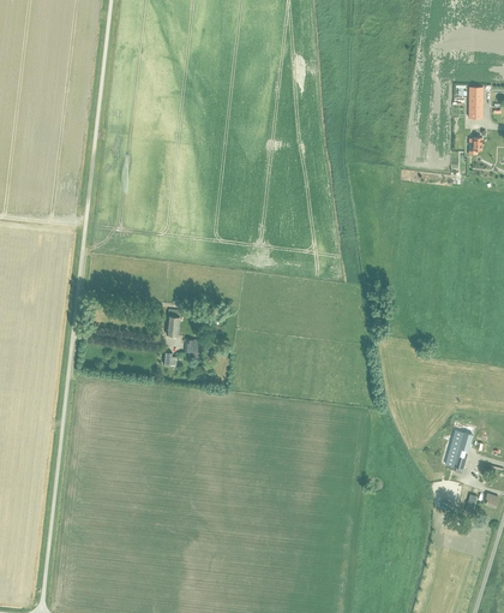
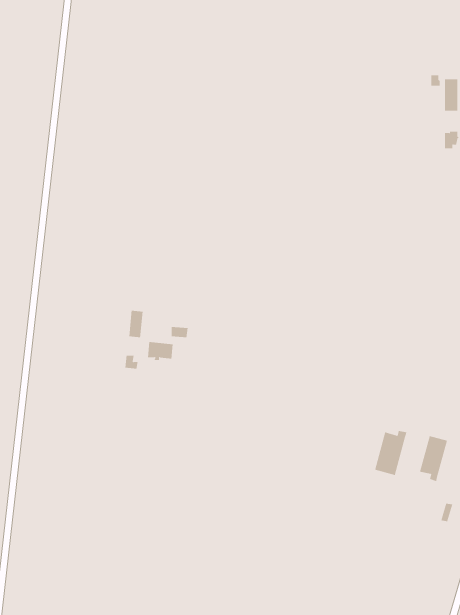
building: none -> [374,430,407,476]

